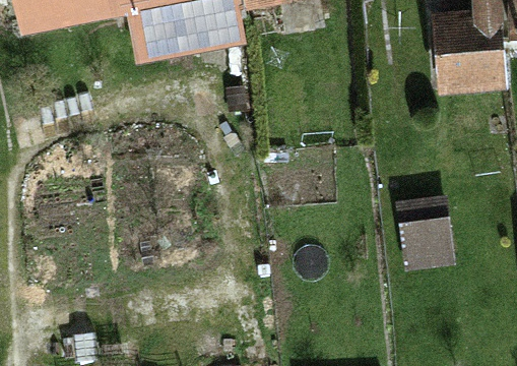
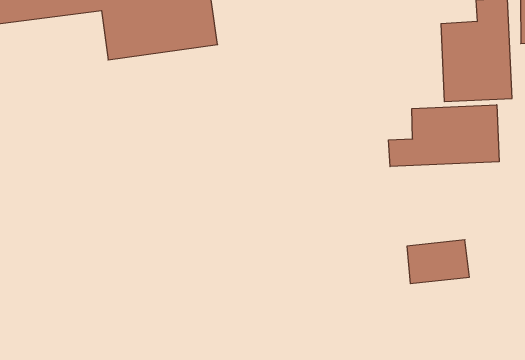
building: none -> [389,105,499,167]

